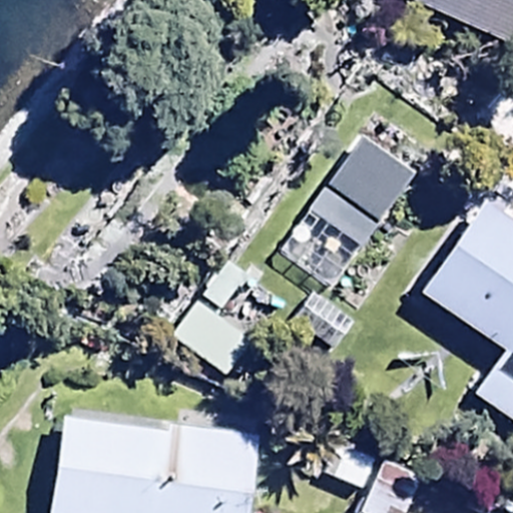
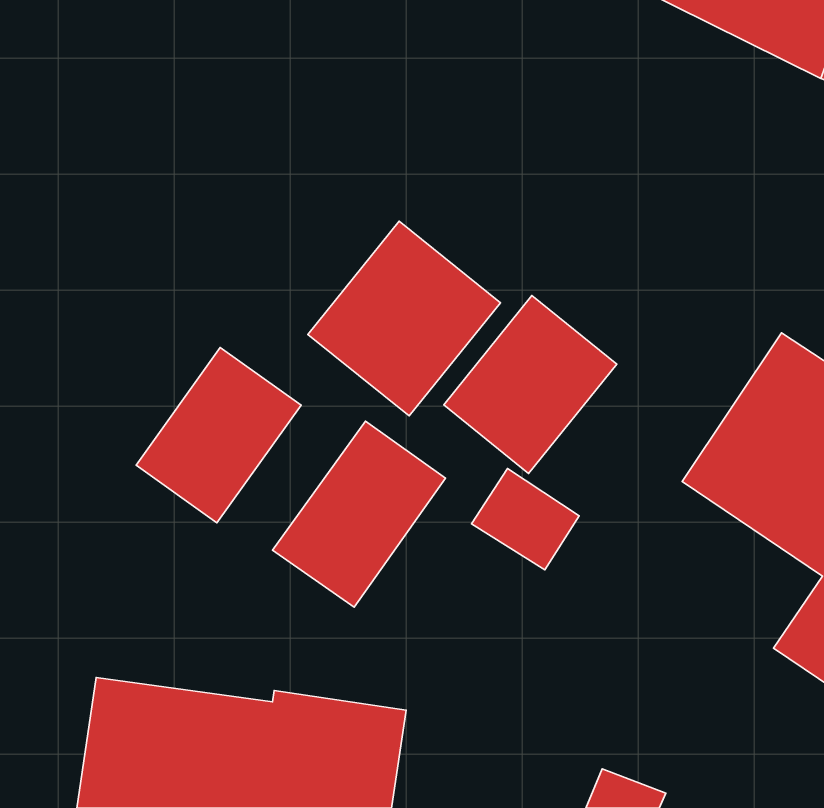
building: none -> [308,221,500,416]
building: none -> [136,348,301,523]

